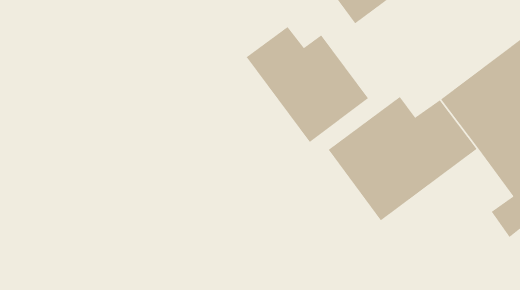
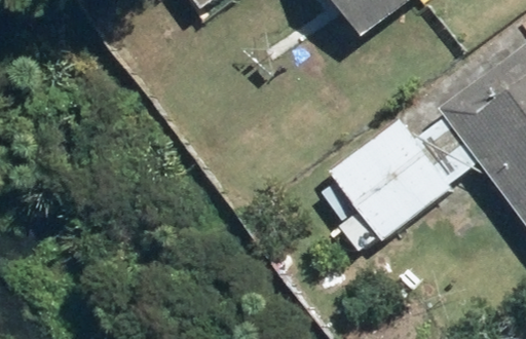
building: [246,26,369,143] -> none

